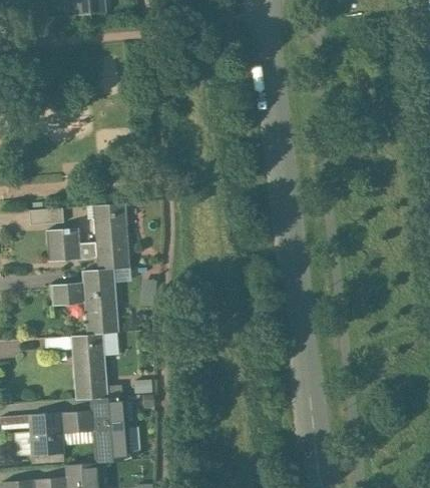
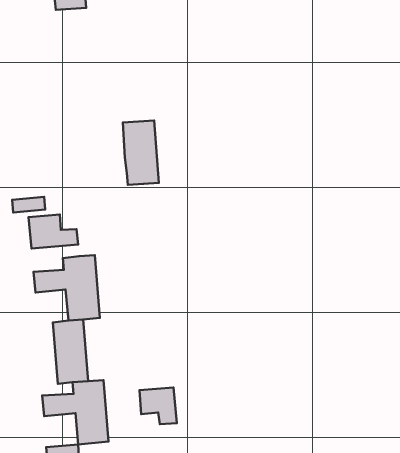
building: [93,203,130,270] -> [123,120,159,185]
building: none -> [139,388,177,424]
building: [28,413,63,457] -> none

